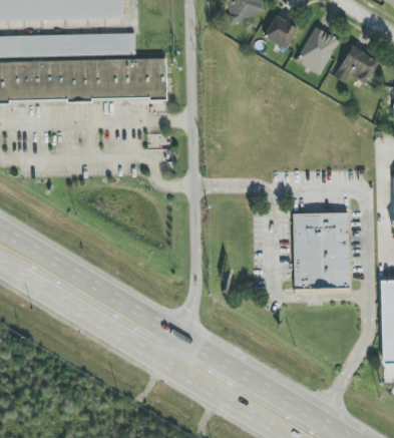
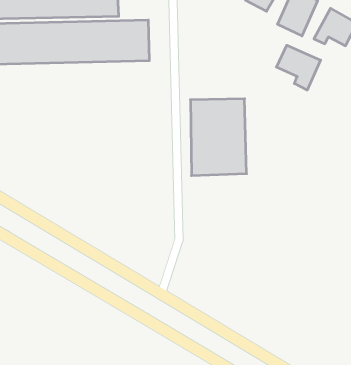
building: none -> [276,45,321,90]
building: [293,211,350,290] -> [190,99,247,176]

